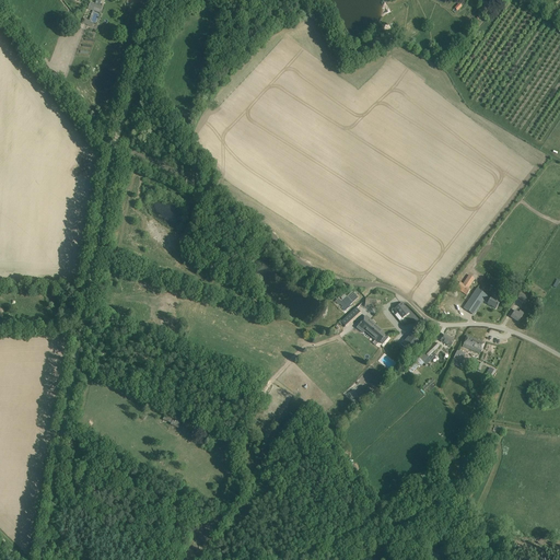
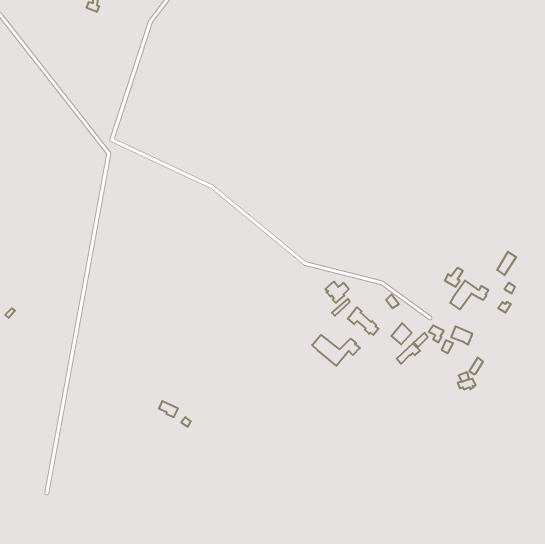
building: none -> [312,335,360,366]

